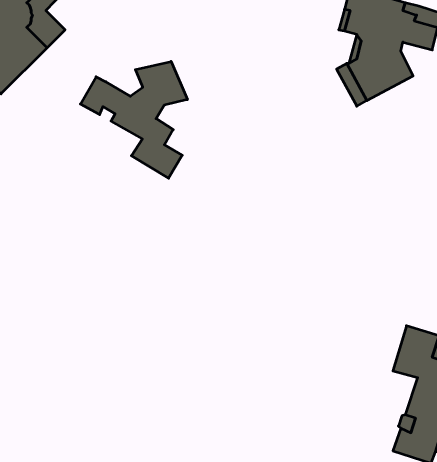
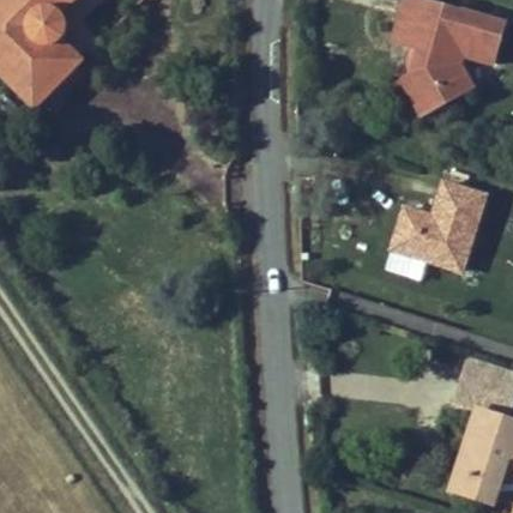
building: [80,61,187,178] -> none
building: none -> [391,181,483,270]

